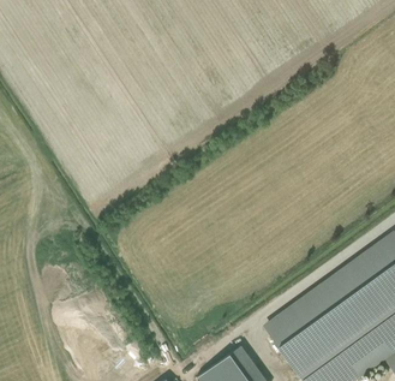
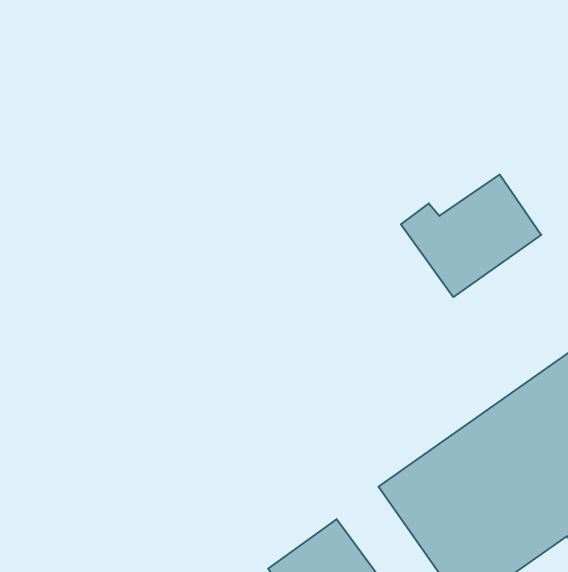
building: none -> [401,175,541,297]

